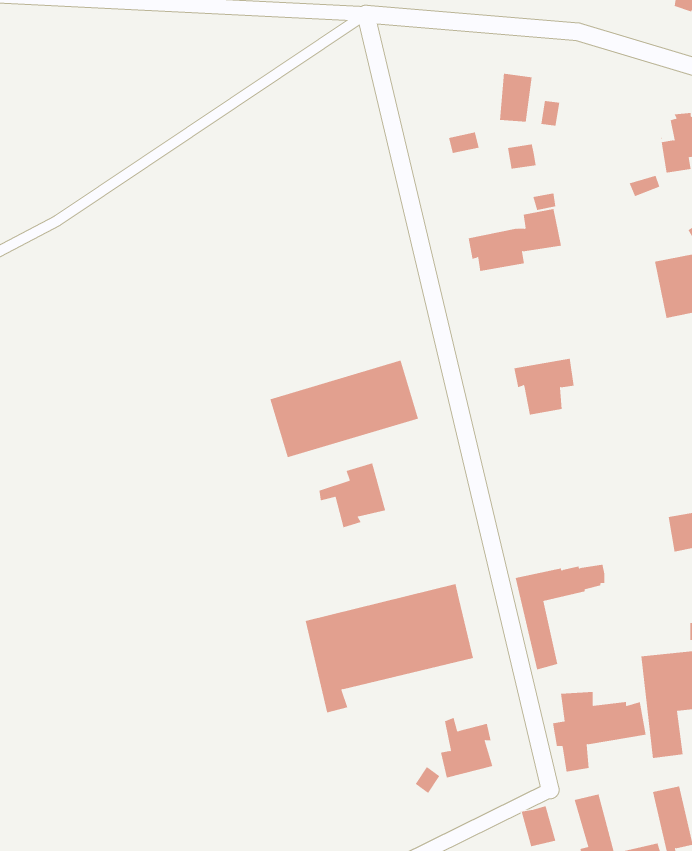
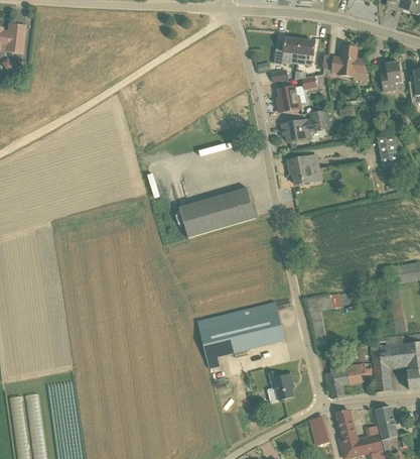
building: none -> [274,37,299,64]
building: none -> [331,42,368,82]
building: none -> [277,86,298,112]
building: [514,358,574,415] -> [287,154,318,184]
building: [319,462,386,528] -> none

